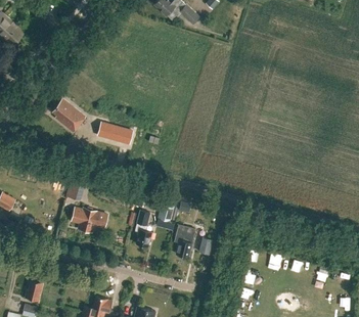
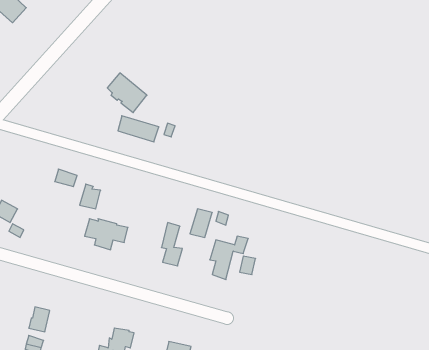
building: [52,99,85,132] -> [107,73,147,113]

